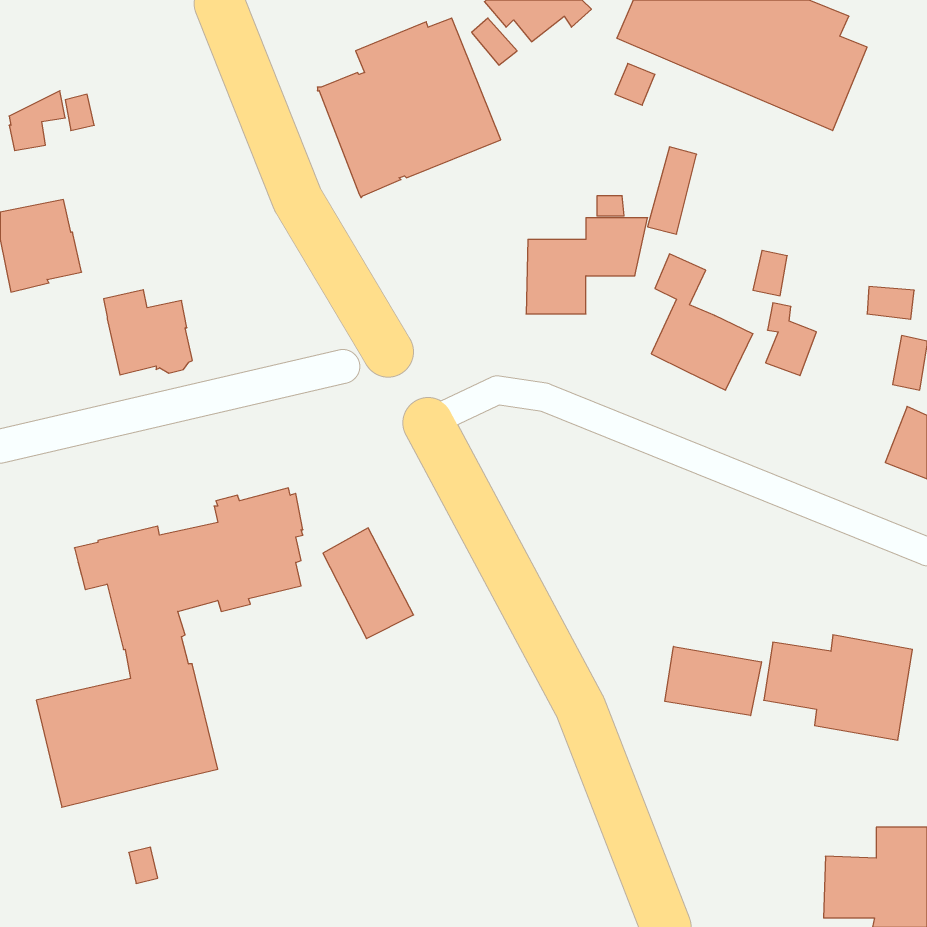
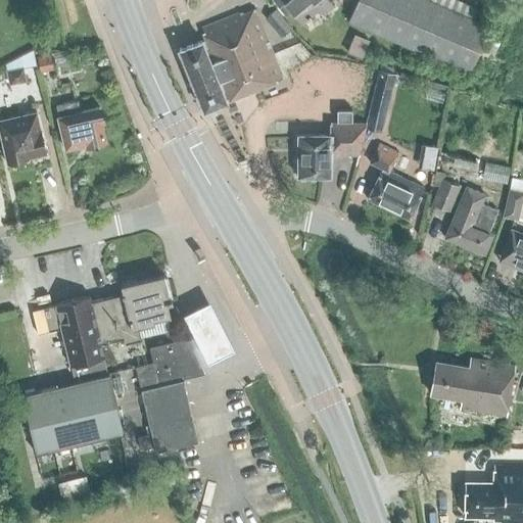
building: [104,290,192,375] -> [55,101,105,149]
building: none -> [444,187,496,254]
building: none -> [135,340,197,451]
building: [665,646,761,716] -> none

